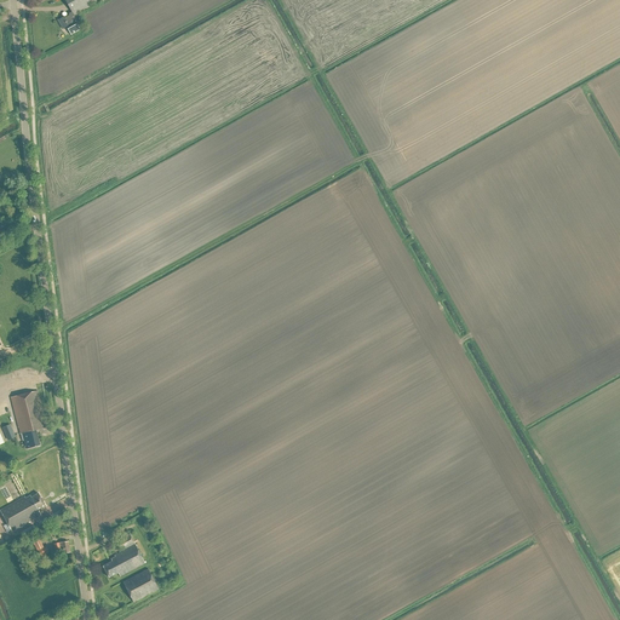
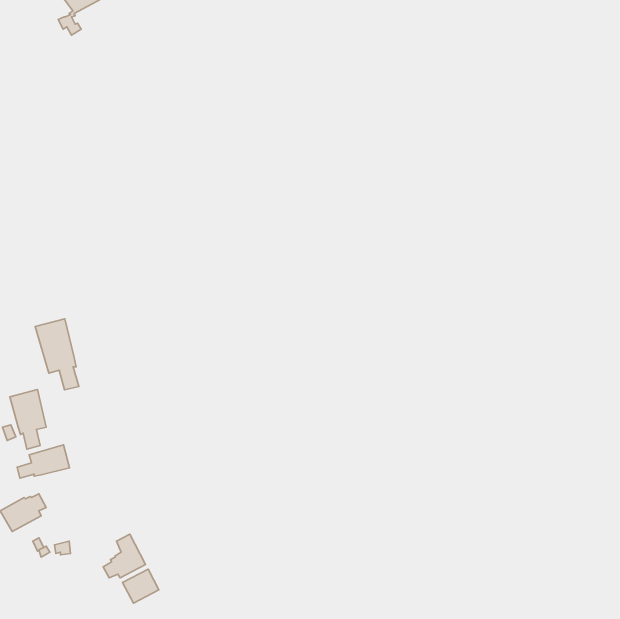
building: none -> [35,319,79,390]
building: none -> [17,445,70,478]

